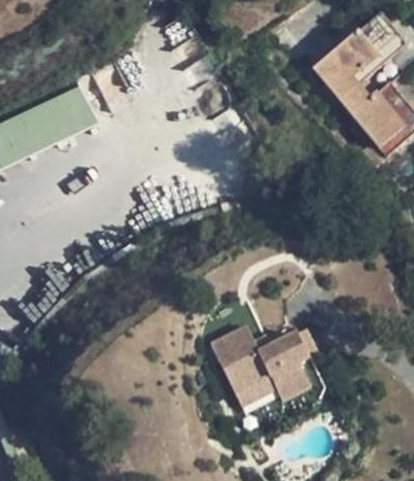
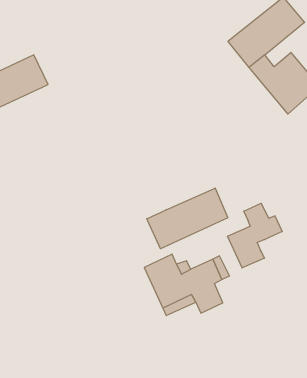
building: none -> [147,188,228,249]
building: none -> [227,203,282,268]

